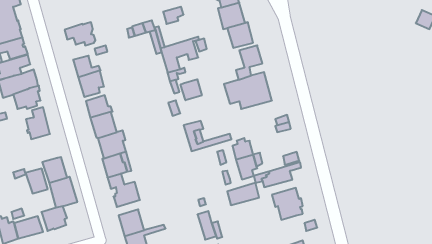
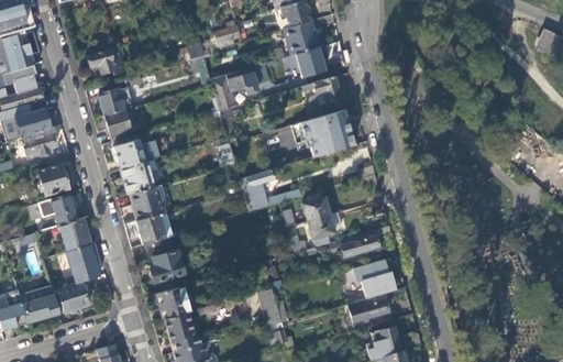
building: [181,79,202,100] -> none
building: [26,169,48,193] -> [49,194,78,226]
building: [227,183,259,205] -> [347,294,388,322]

